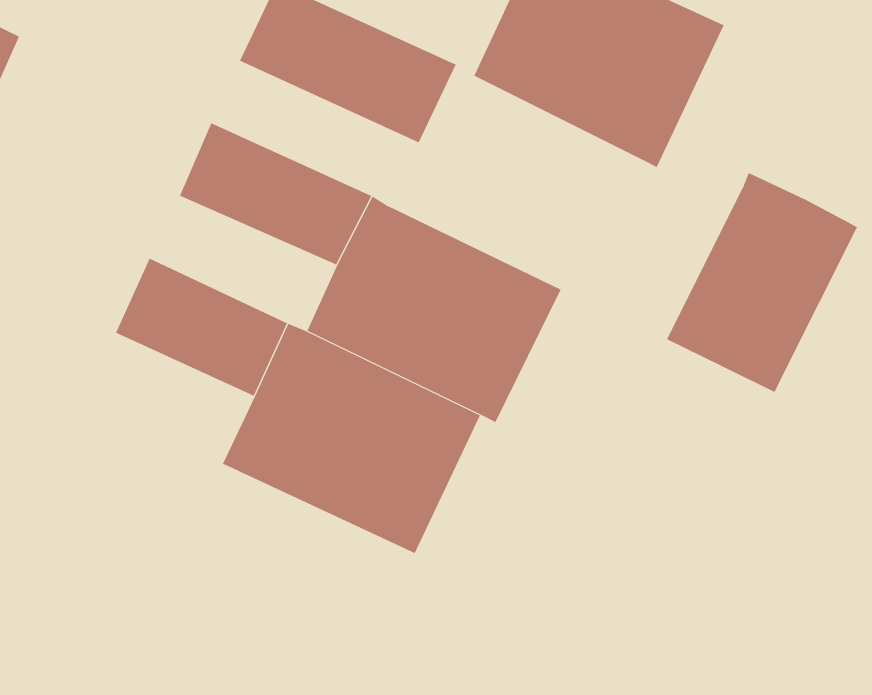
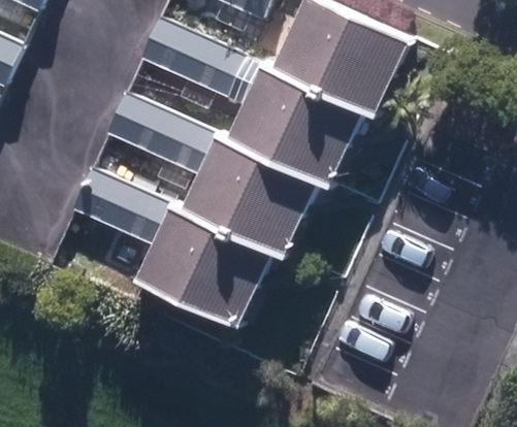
building: none -> [222,61,362,189]
building: [666,172,858,393] -> none

